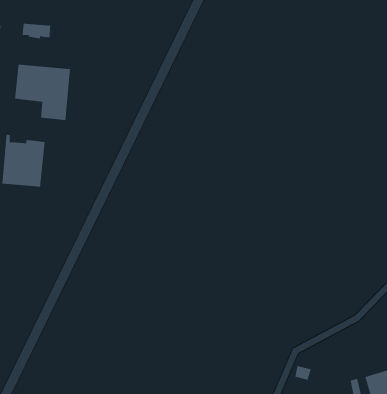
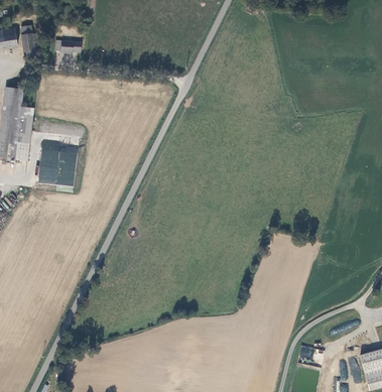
building: [15,64,70,121] -> none

